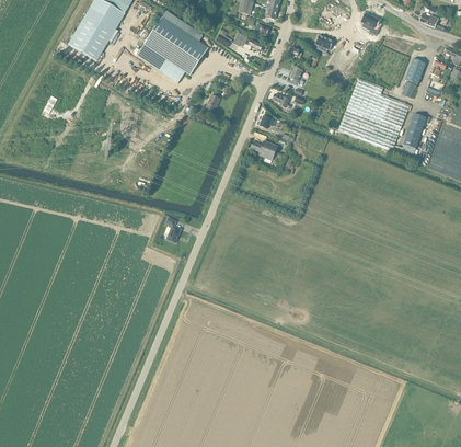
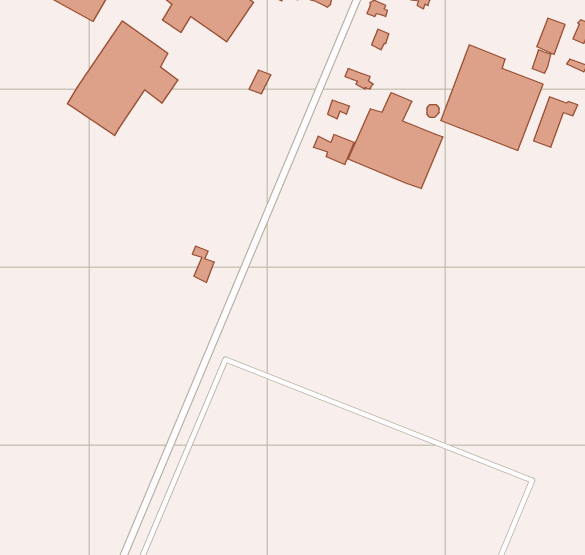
building: none -> [67,21,178,136]
building: none -> [348,93,443,189]

